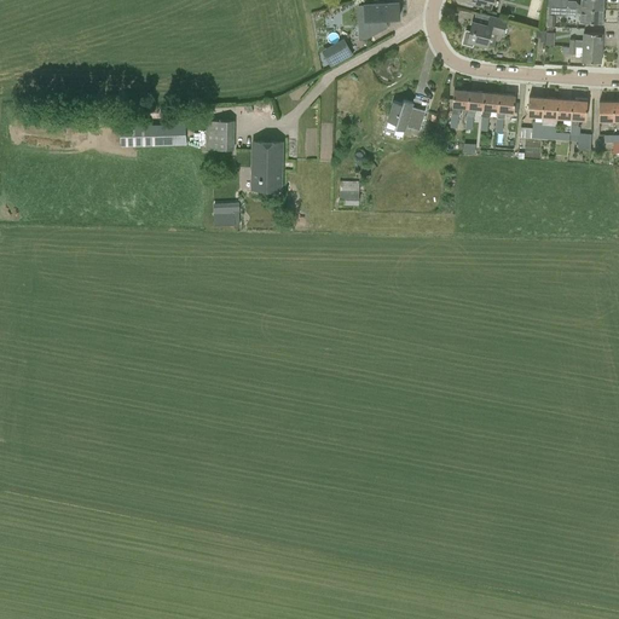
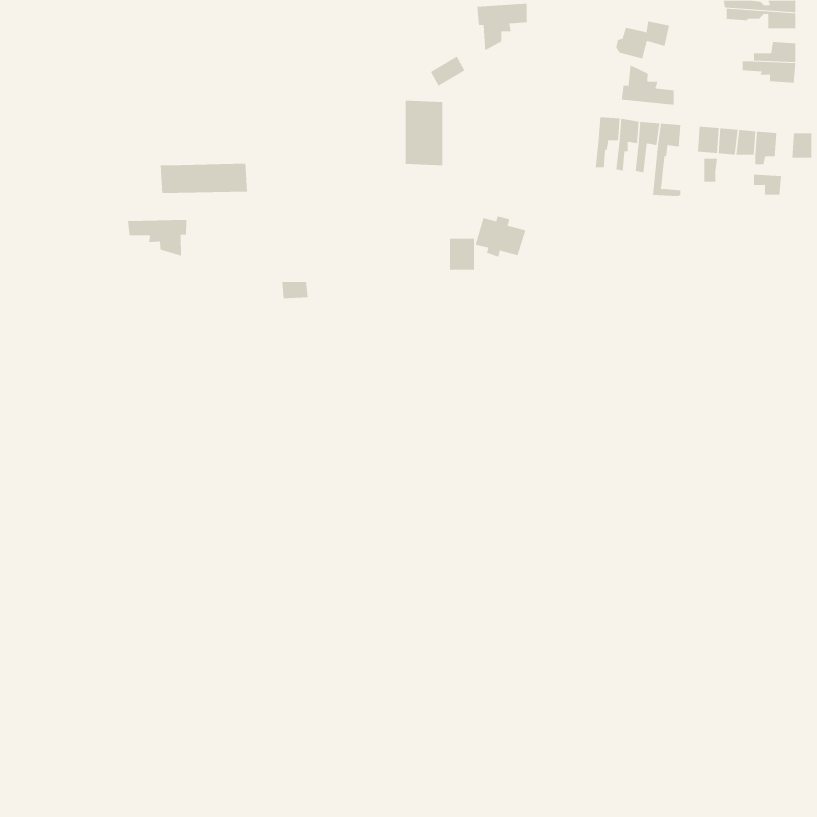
building: none -> [621,64,674,105]
building: [387,99,426,131] -> [475,216,526,257]
building: [206,120,233,150] -> none
building: [253,140,282,190] -> [405,100,443,166]
building: none -> [127,219,187,257]

